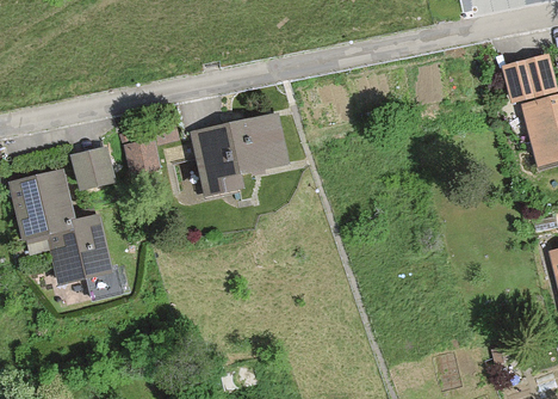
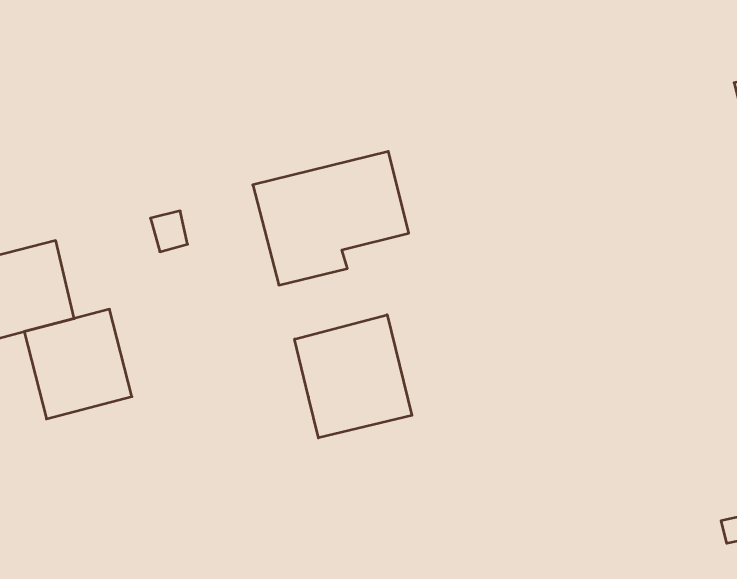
building: [74,142,119,189] -> none
building: none -> [295,315,412,438]

